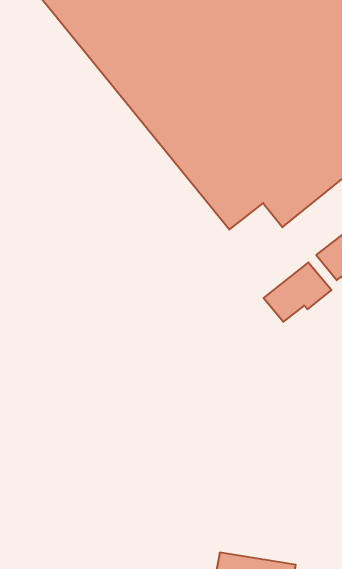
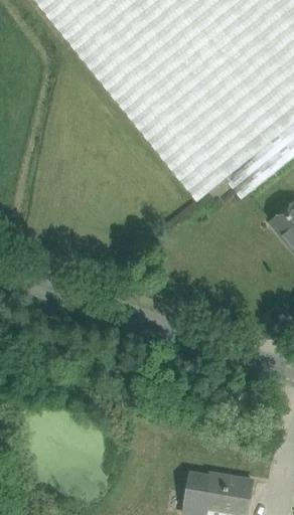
building: [264,262,331,322] -> none

